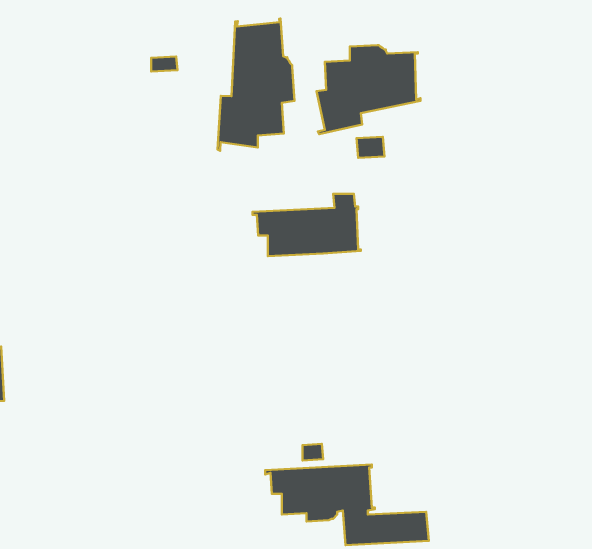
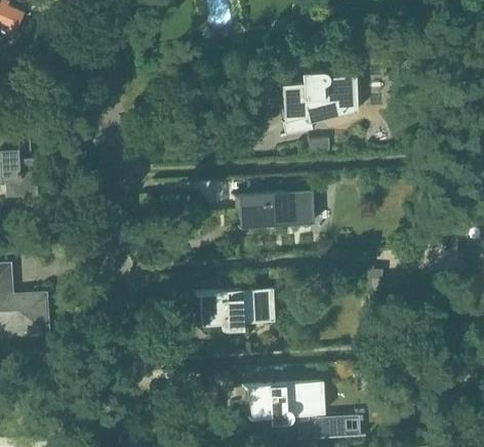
building: [217,19,295,151] -> none
building: none -> [192,287,272,329]

